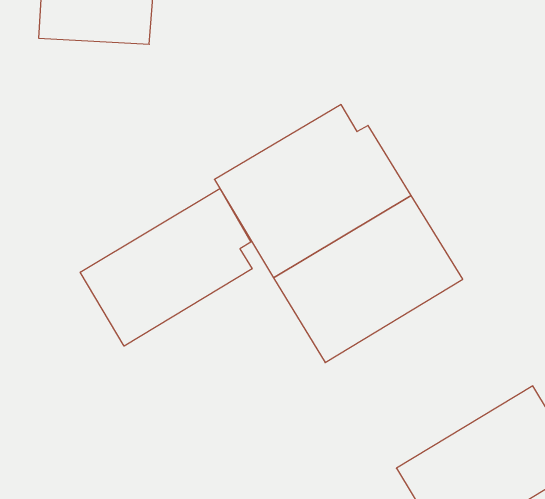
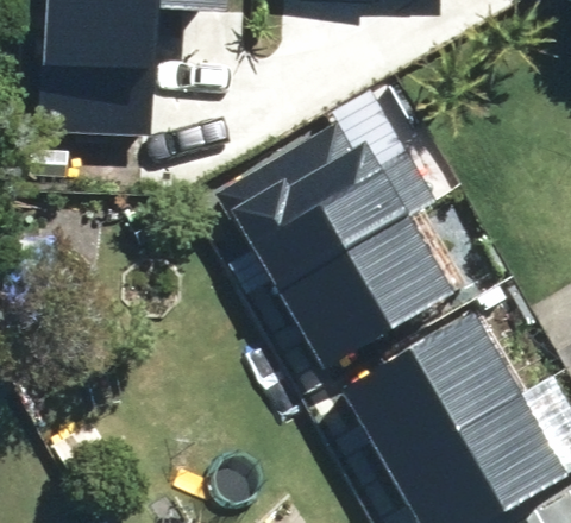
building: [80,189,252,346] -> none
building: none -> [343,313,525,474]

